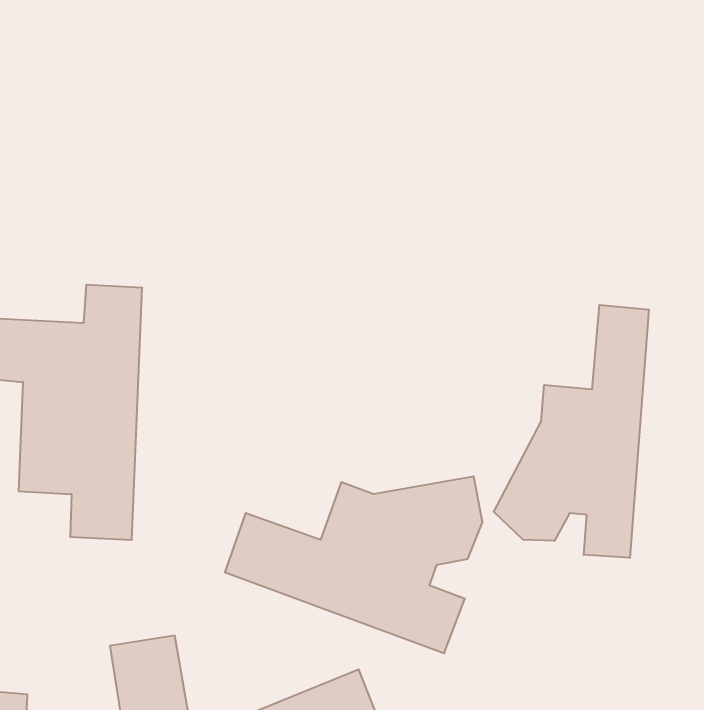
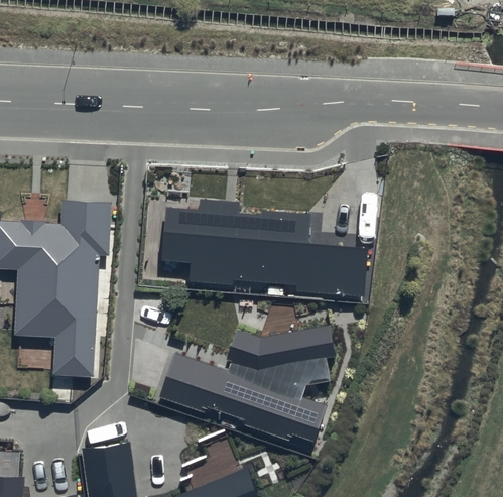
building: none -> [162,204,363,292]
building: [494,305,649,558] -> none

